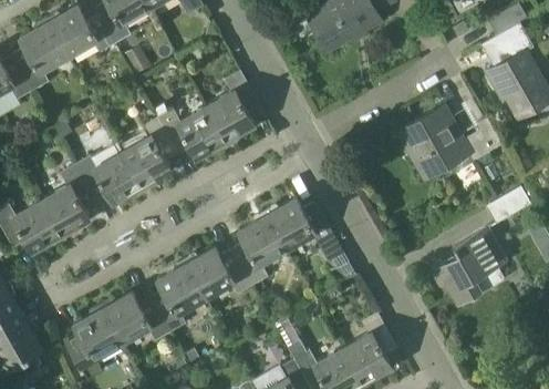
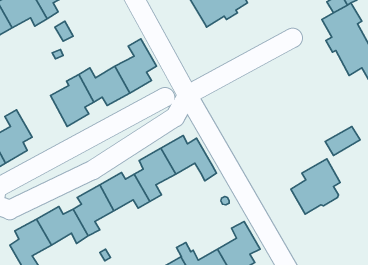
building: [397,98,500,178] -> none
building: [74,142,142,204] -> none

